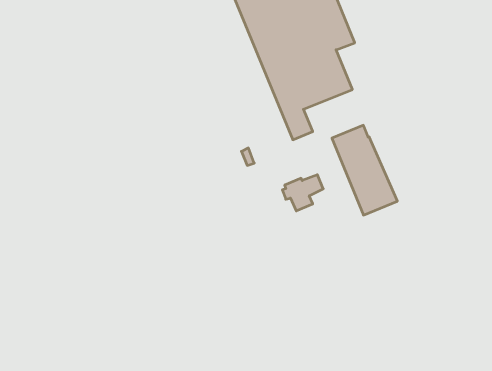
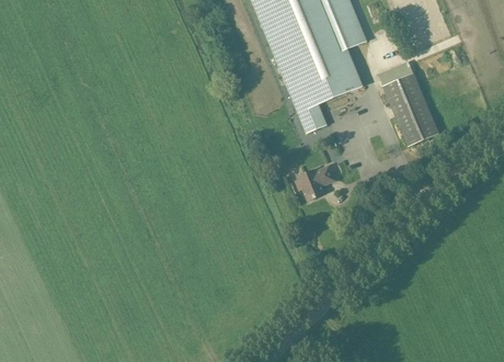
building: [332,125,397,215] -> [378,61,439,146]

